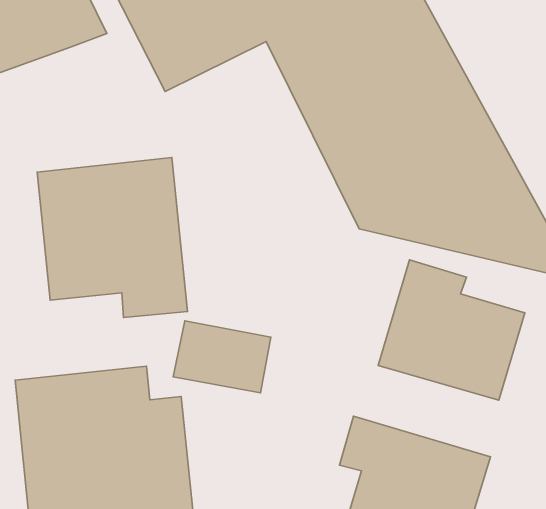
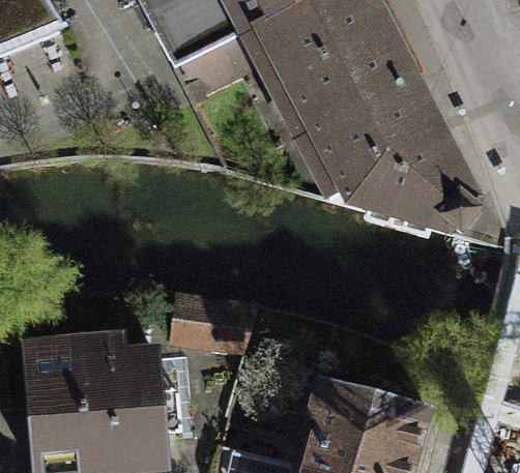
building: [37,157,188,317] -> none
building: [378,260,525,400] -> none

